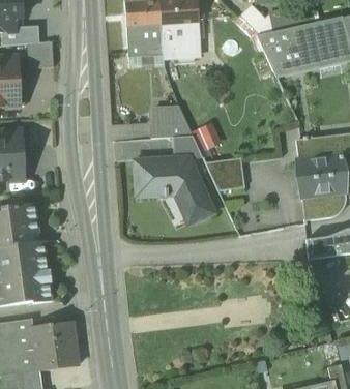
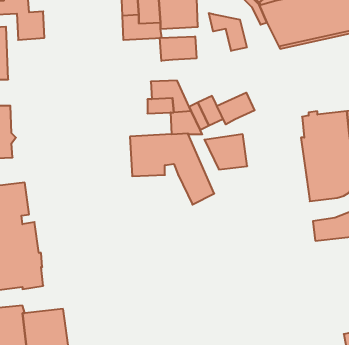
building: none -> [209,13,247,51]
building: none -> [160,36,196,61]
building: none -> [217,93,255,124]

